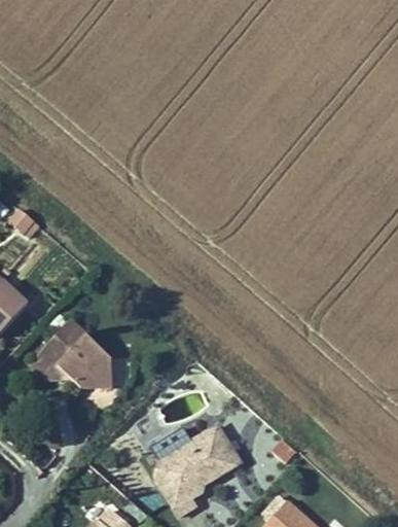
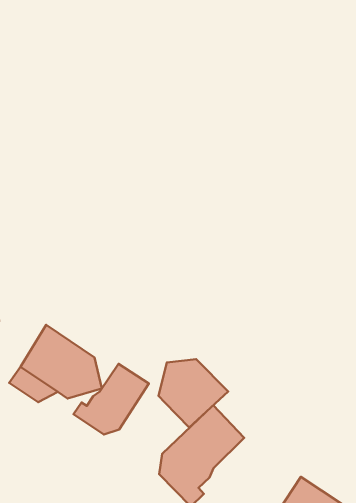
building: none -> [74,364,149,434]
building: none -> [158,359,228,427]

